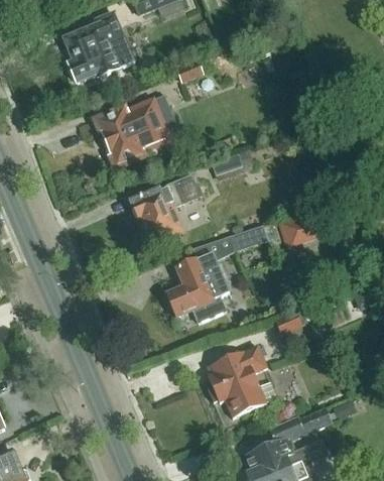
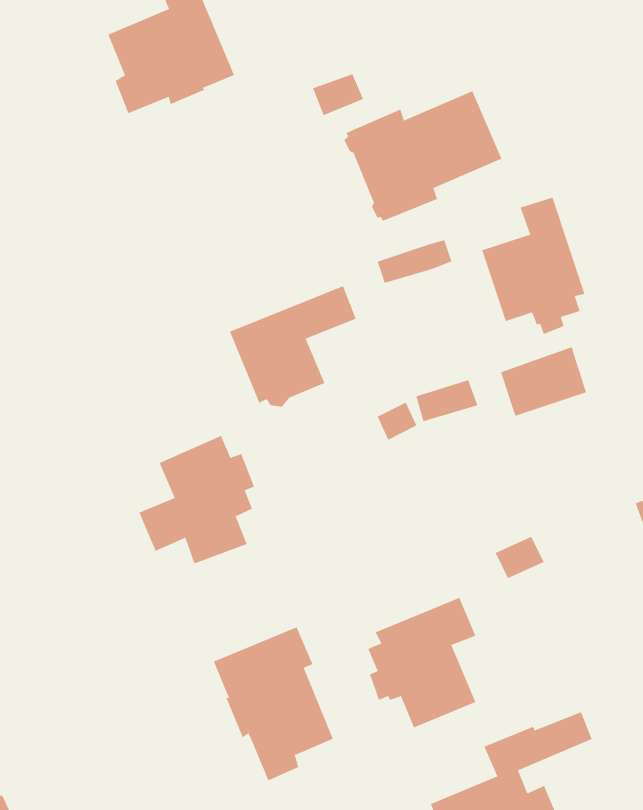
building: [93,96,179,167] -> [344,90,502,221]
building: none -> [482,197,585,335]
building: [165,252,229,323] -> [139,435,255,564]
building: none -> [213,627,334,781]

